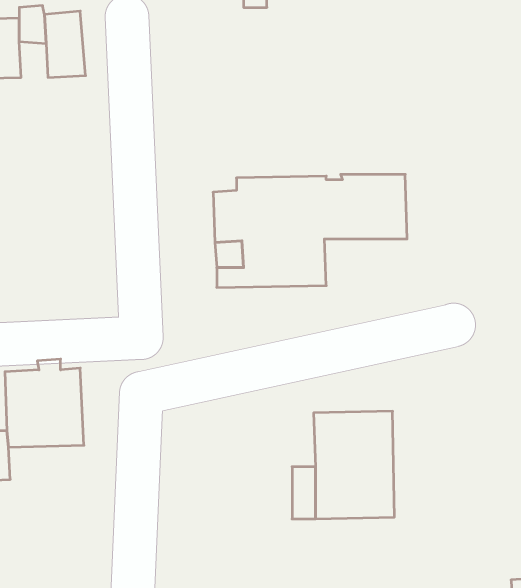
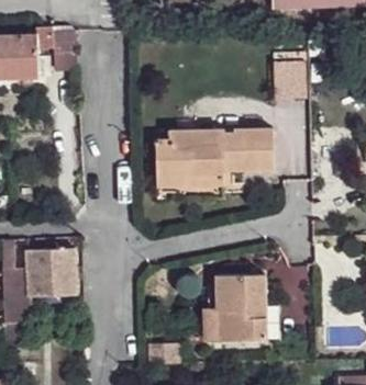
building: none -> [275,63,308,99]

